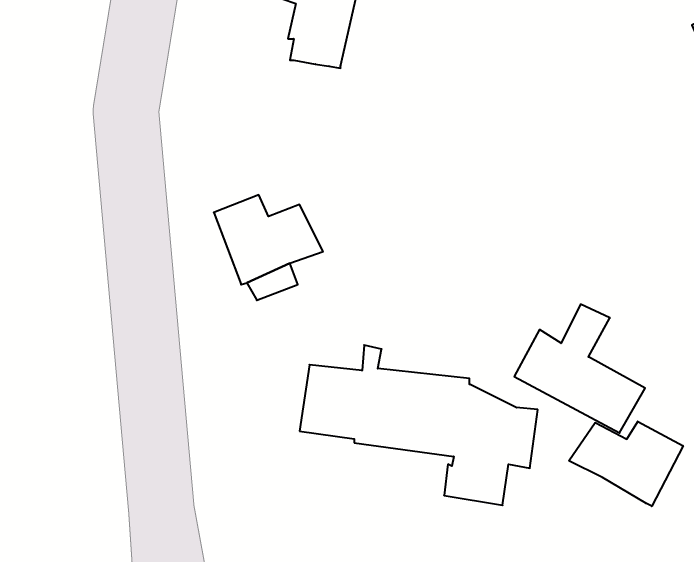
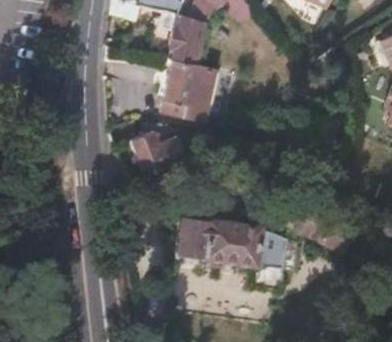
building: none -> [161,61,216,122]
building: [569,421,683,506] -> none

